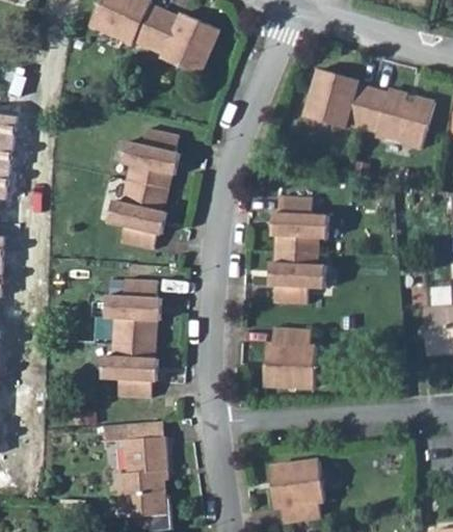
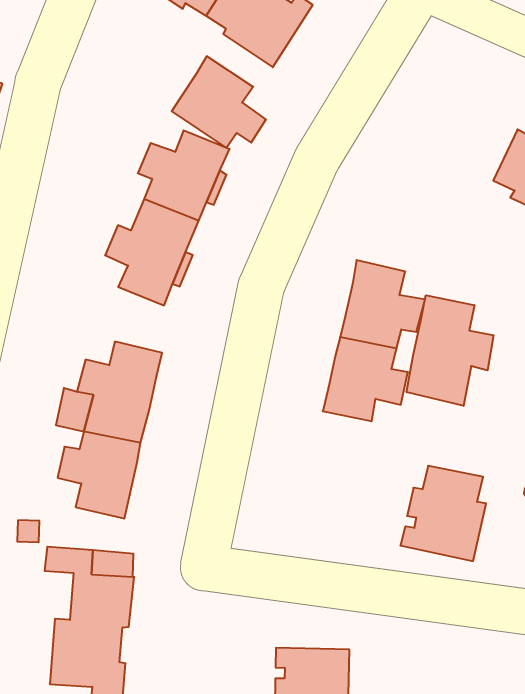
building: [304,68,371,127] -> none
building: none -> [172,56,266,148]
building: none -> [407,295,494,406]
building: [263,327,316,387] -> [400,466,486,561]

